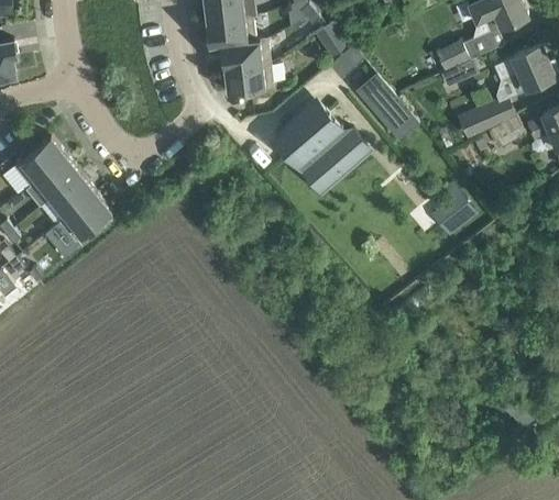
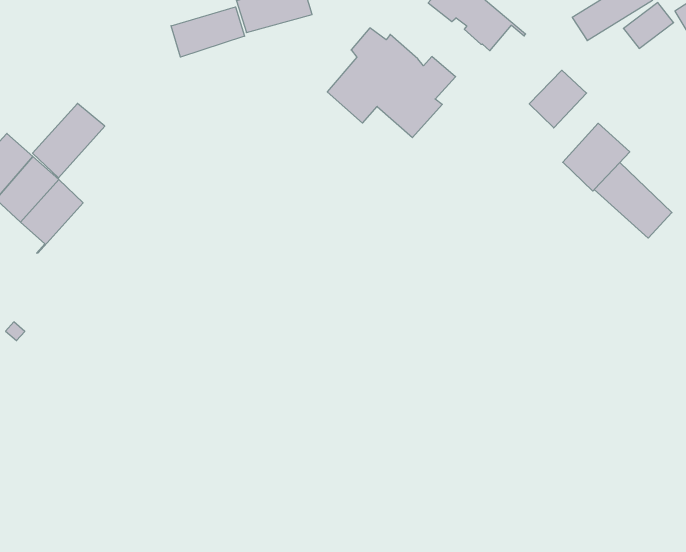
building: none -> [171,7,245,57]
building: none -> [529,70,587,128]
building: [59,195,112,244] -> [33,103,105,178]
building: none -> [594,163,672,238]

